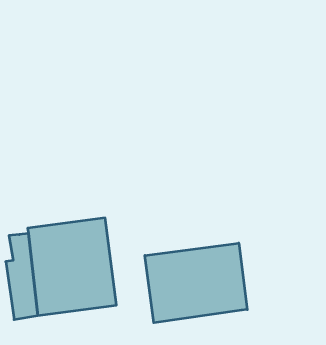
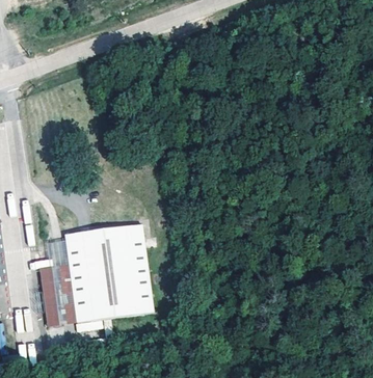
building: [145,243,247,323] -> none

